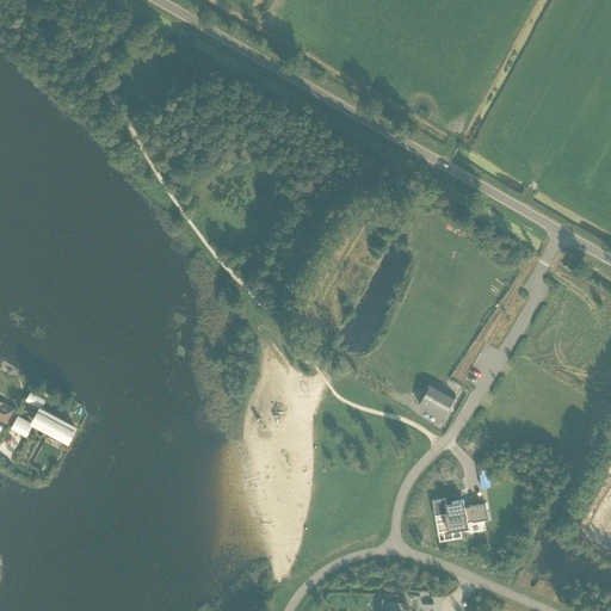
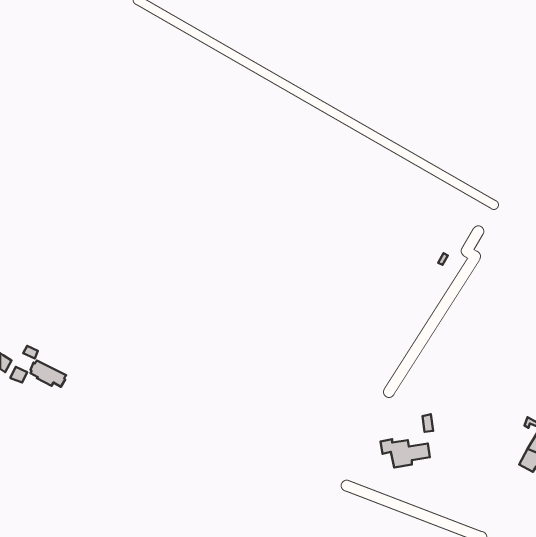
building: [420,382,457,418] -> none

